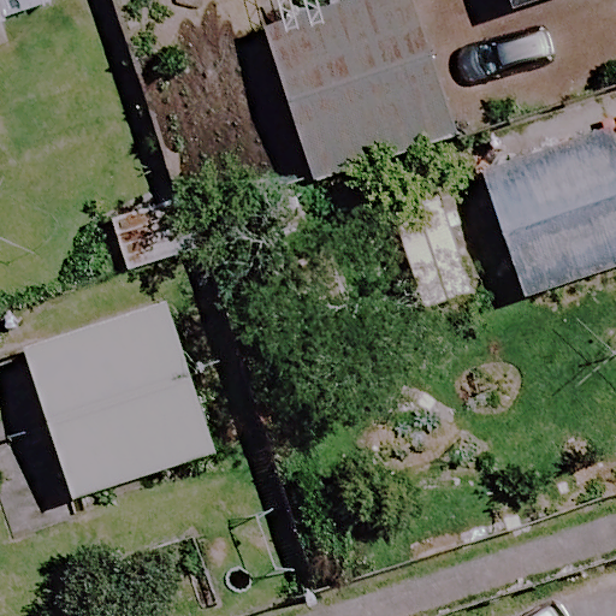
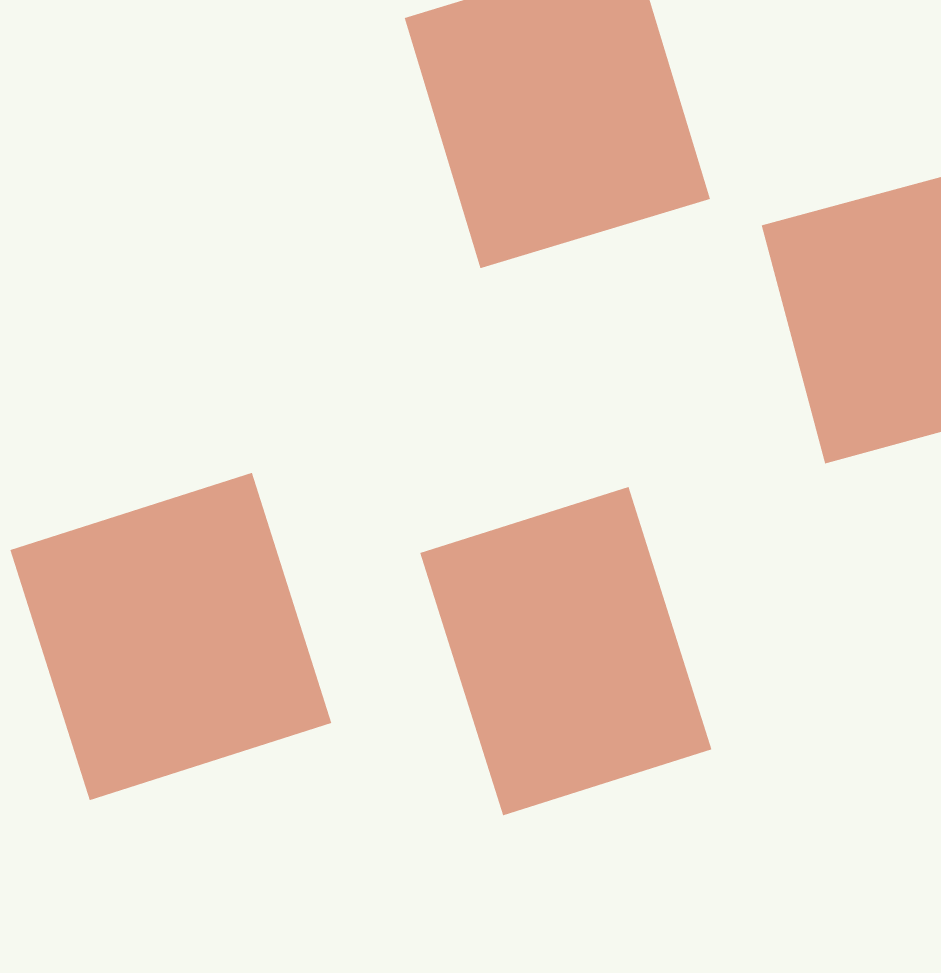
building: none -> [419,486,712,816]

